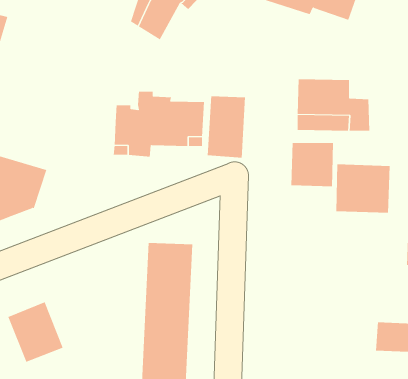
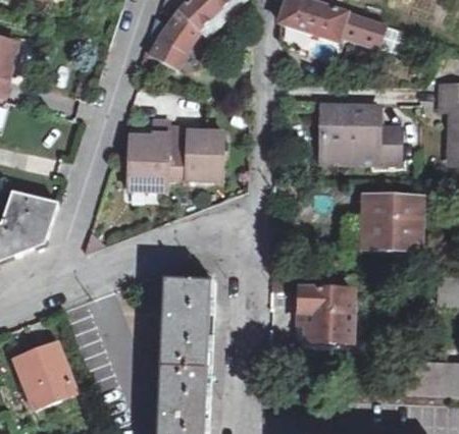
building: [207,95,246,158] -> none
building: [291,142,333,187] -> none
building: none -> [296,289,353,342]

